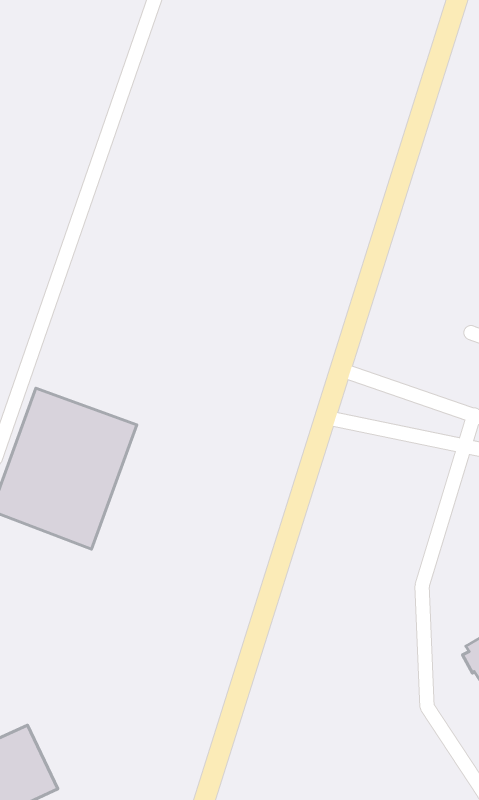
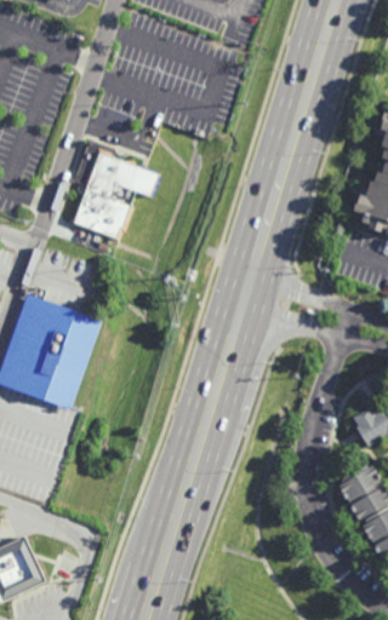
building: none -> [74,142,159,239]

